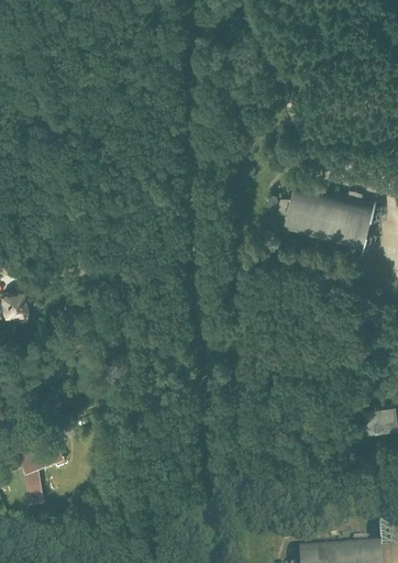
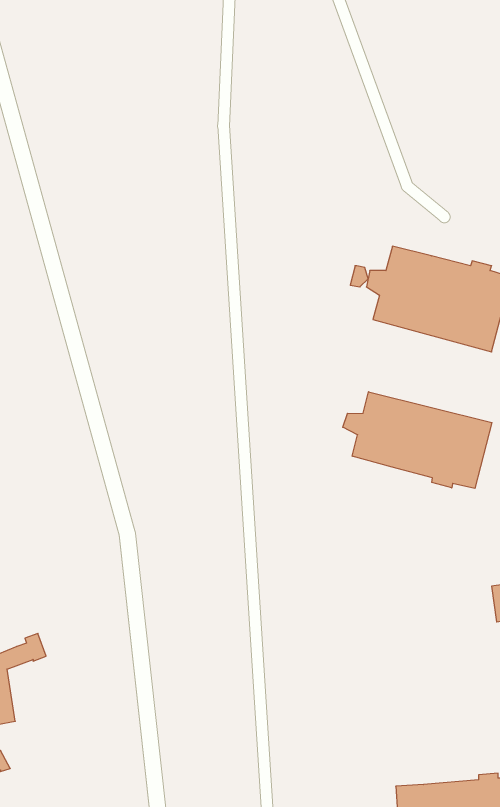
building: none -> [343,392,492,488]

